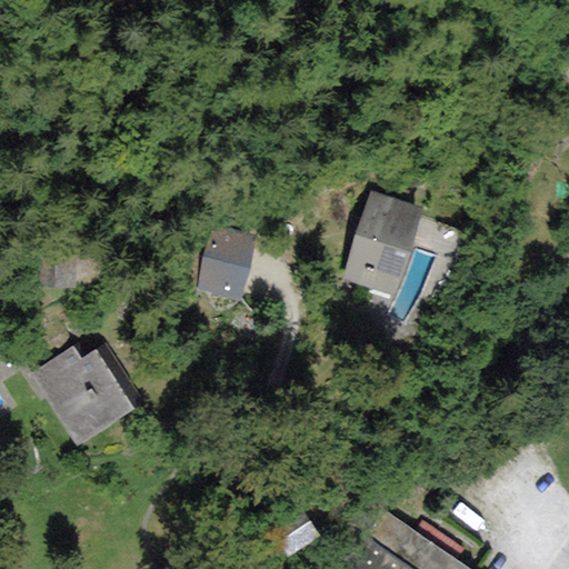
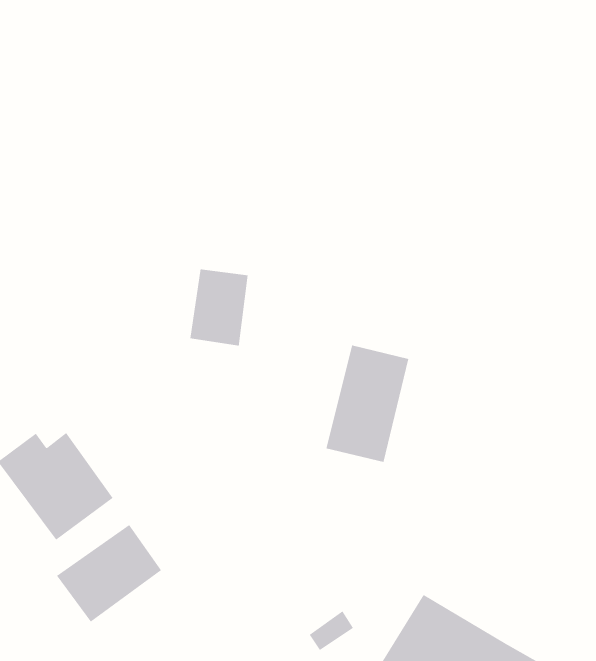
building: [346,196,418,292] -> [326,345,409,462]
building: none -> [56,524,162,623]

